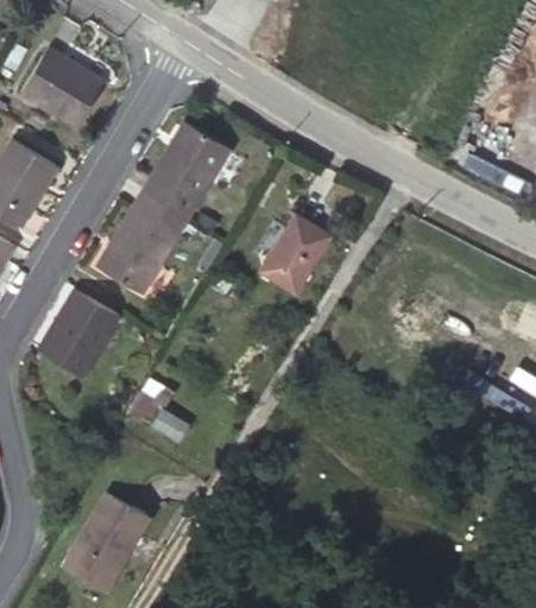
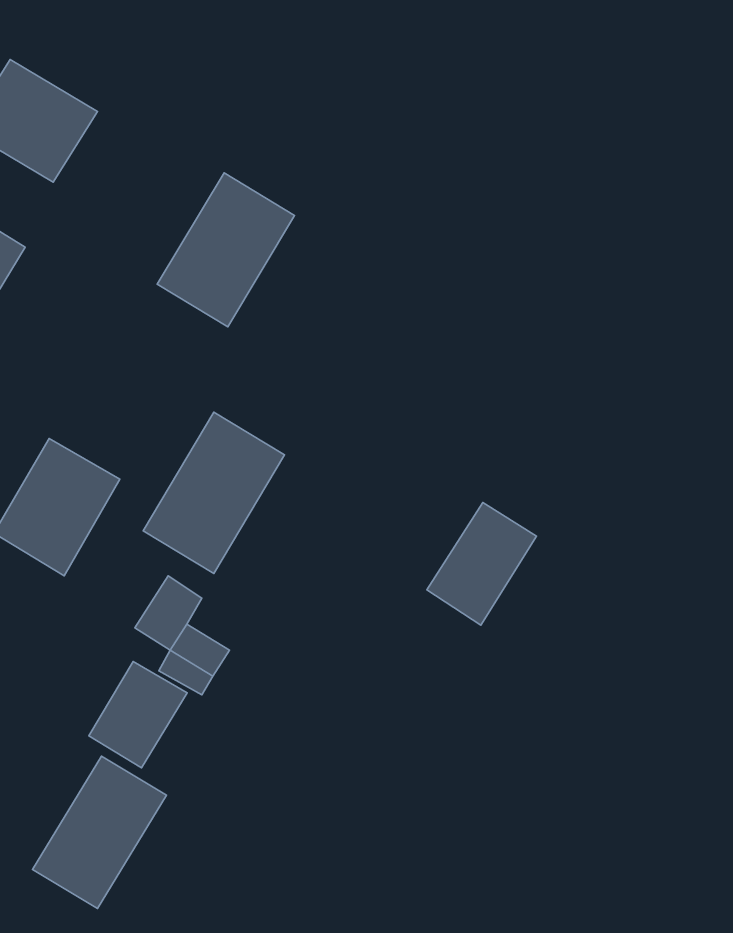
building: [97,191,188,294] -> [143,412,284,574]
building: [260,215,330,293] -> [427,503,537,625]
building: none -> [89,662,187,768]

